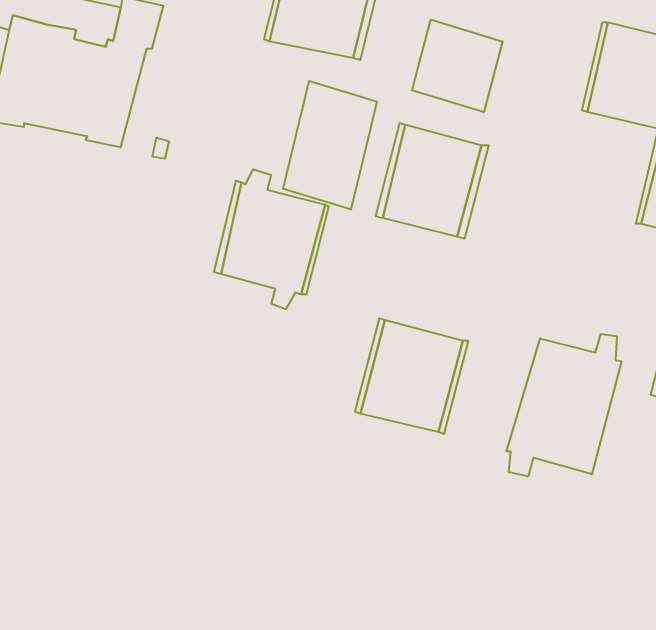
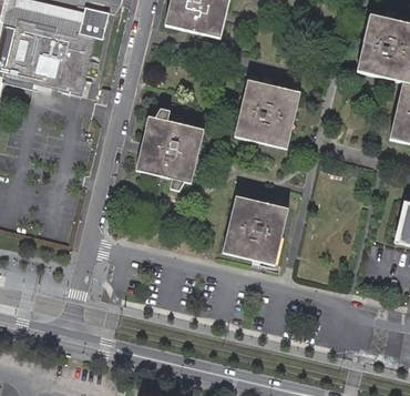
building: [412,20,503,112] -> none
building: [283,81,377,210] -> none
building: [506,334,621,477] -> none

